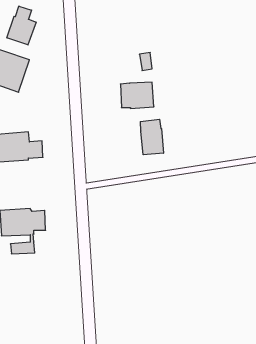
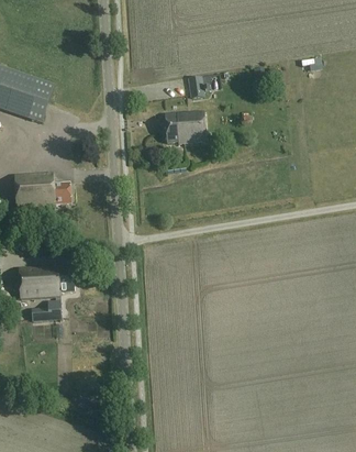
building: [7,6,36,45] -> none
building: [140,119,163,155] -> none

